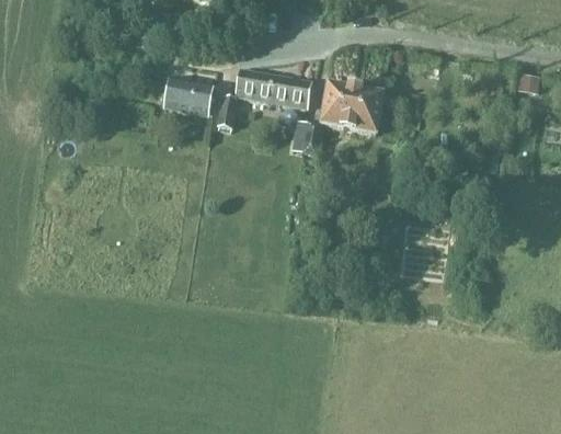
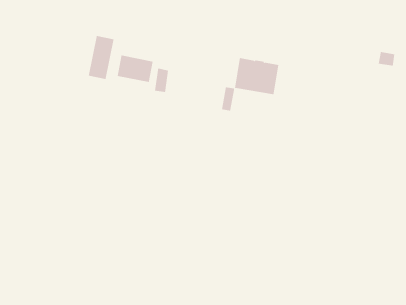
building: none -> [88,35,114,80]
building: [239,70,309,107] -> none

